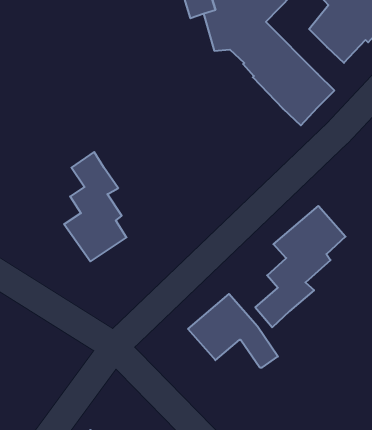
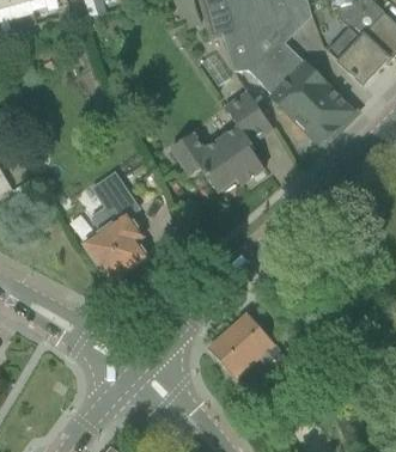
building: none -> [170,90,272,191]
building: [255,206,346,327] -> none

